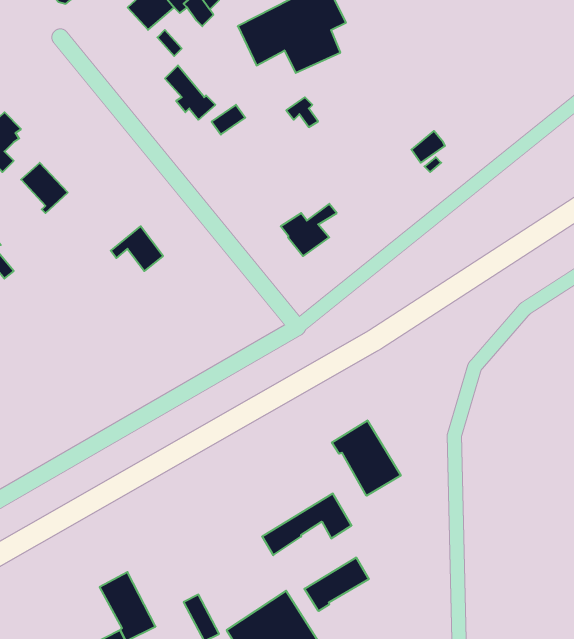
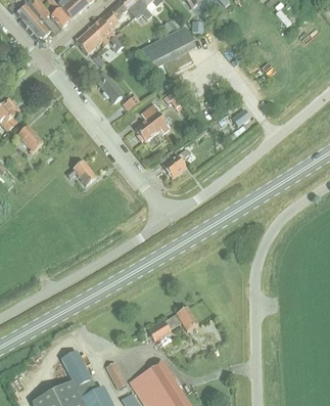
building: none -> [134,102,169,140]
building: [332,420,401,496] -> none
building: [304,557,369,611] -> none

